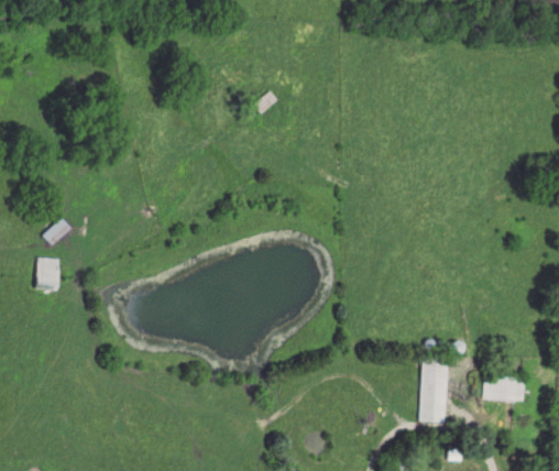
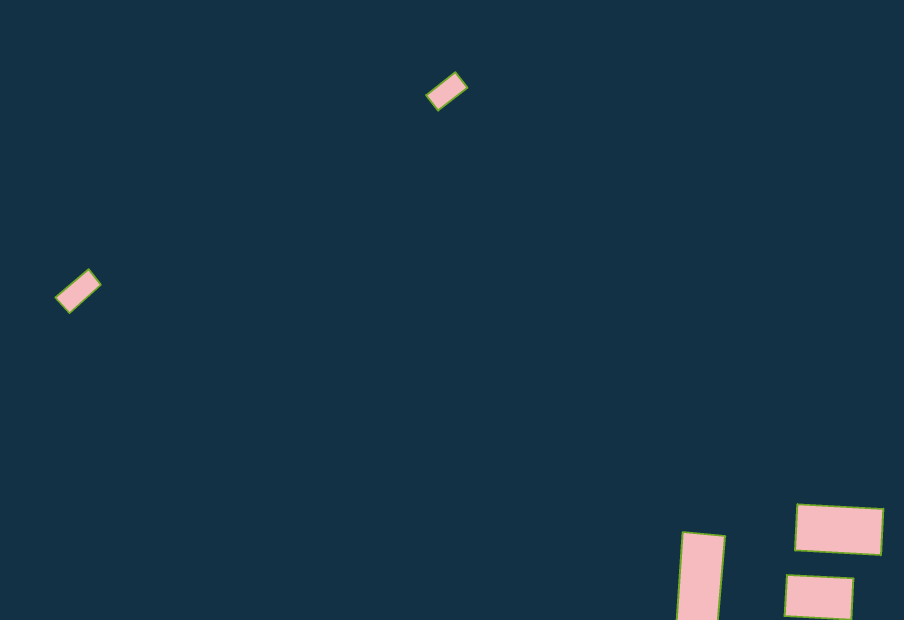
building: [37,260,59,285] -> none
building: none -> [795,504,883,555]

